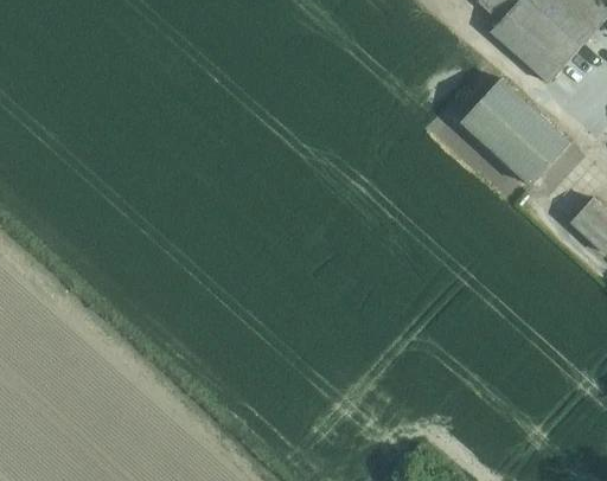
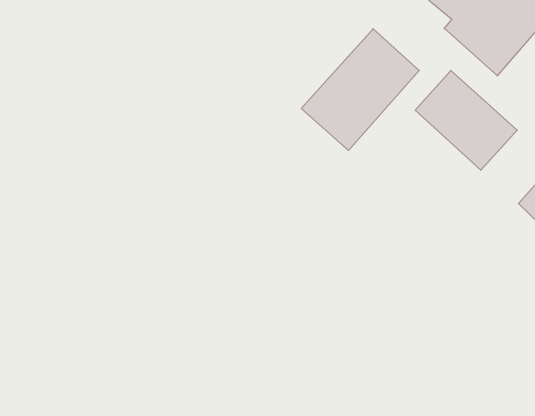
building: none -> [301,29,419,150]

